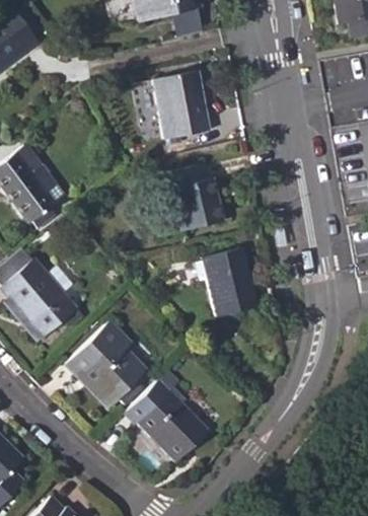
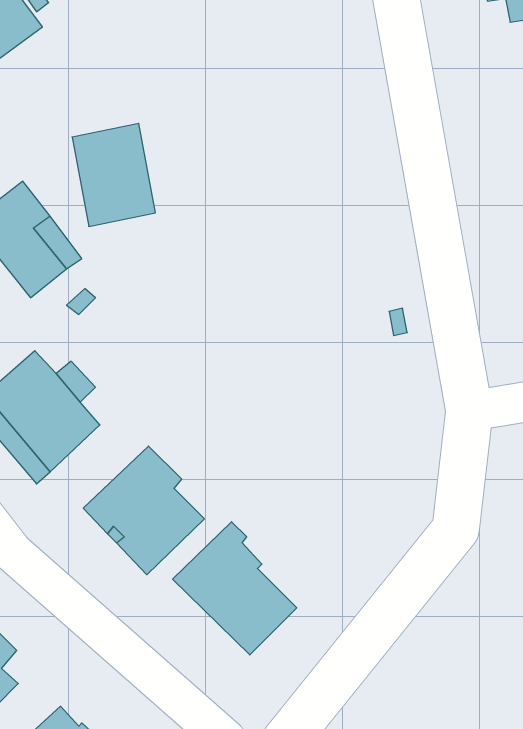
building: [154,71,210,140] -> [72,123,155,226]
building: [167,163,224,232] -> none
building: [203,247,256,316] -> none

